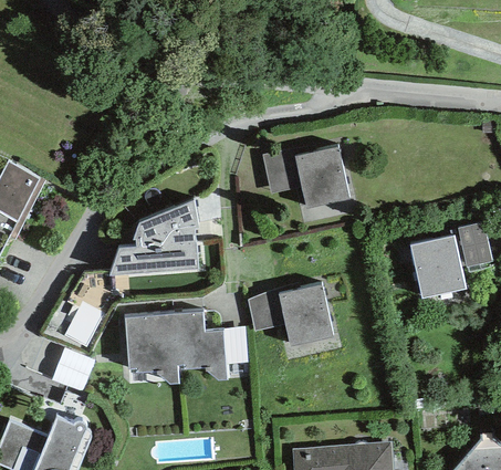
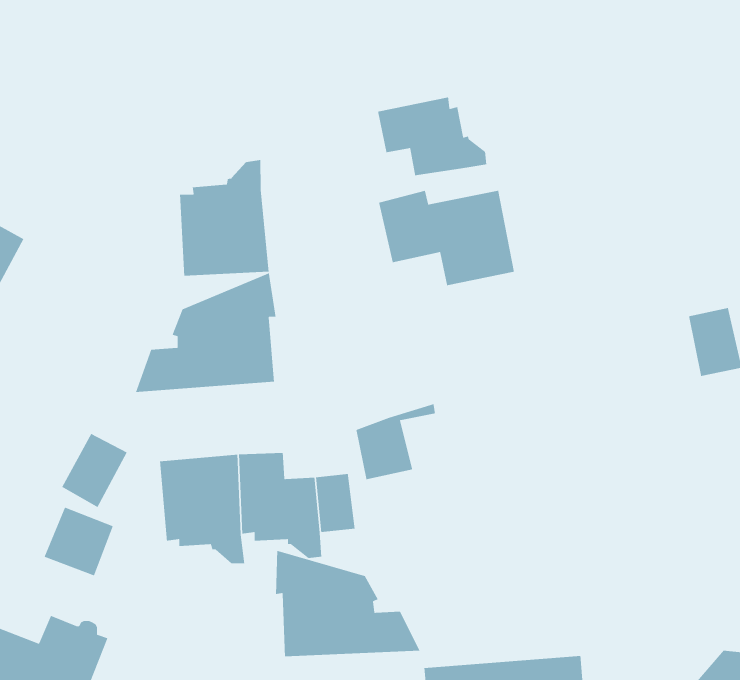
building: none -> [377,97,487,176]
building: none -> [179,159,270,276]
building: [411,236,467,297] -> none
building: [278,283,334,345] -> none
building: none -> [275,550,421,657]

